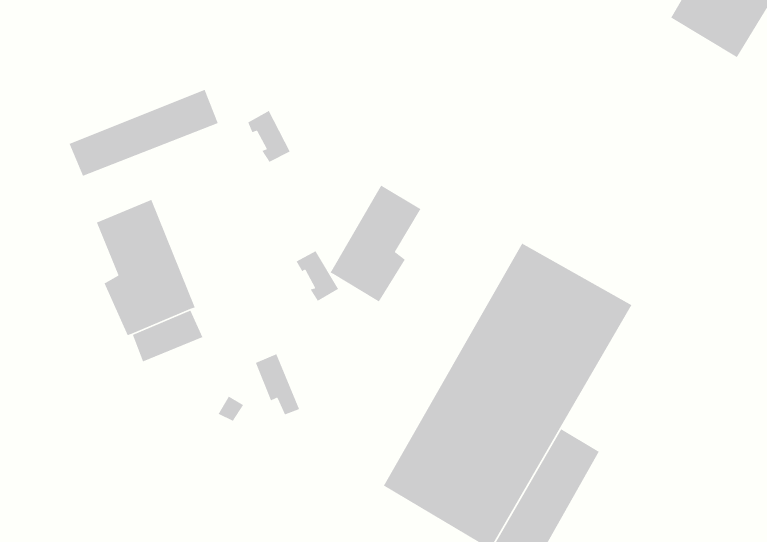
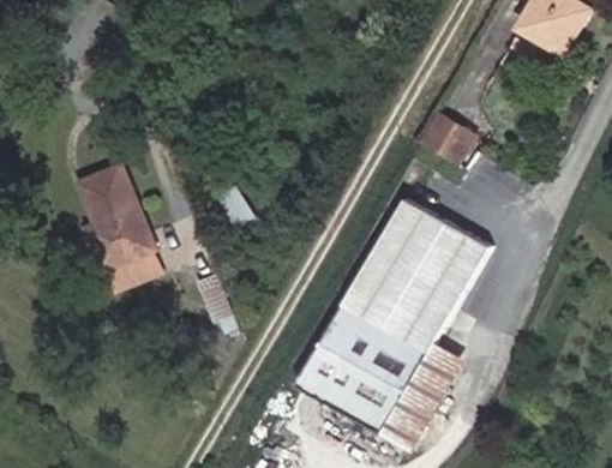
building: [68,89,219,177] -> none
building: none -> [421,107,480,162]
building: [329,185,421,302] -> none

